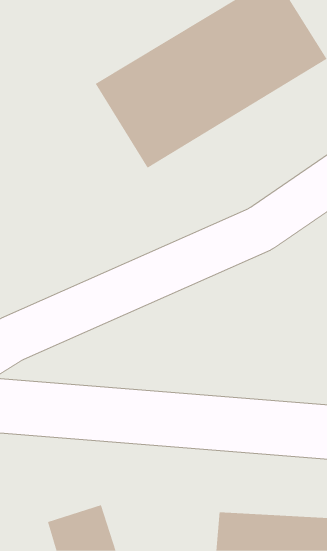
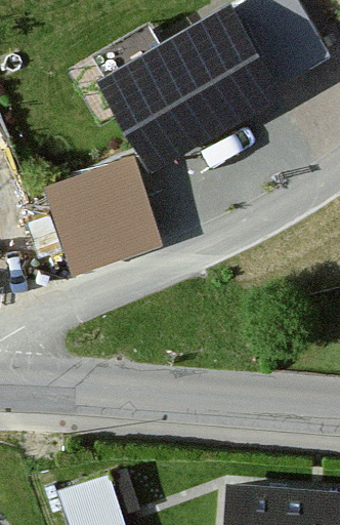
building: none -> [50,172,153,271]

